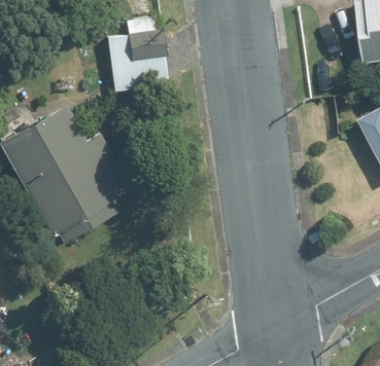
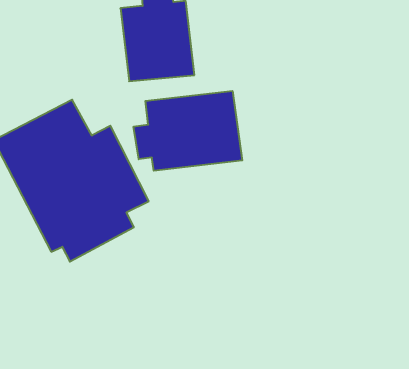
building: none -> [134,91,242,171]

